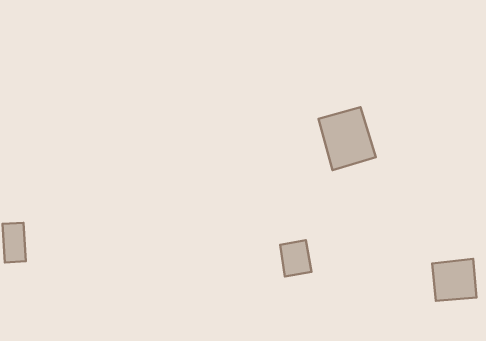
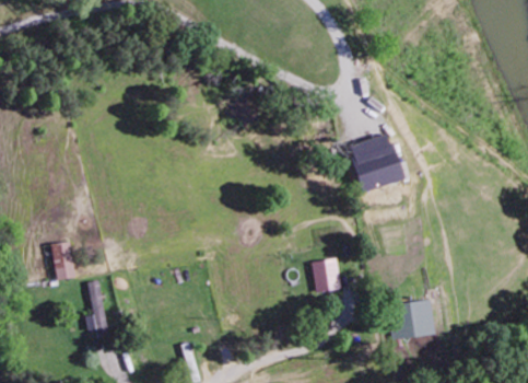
building: [432,259,477,301] -> [391,300,433,339]
building: none -> [85,280,106,328]

